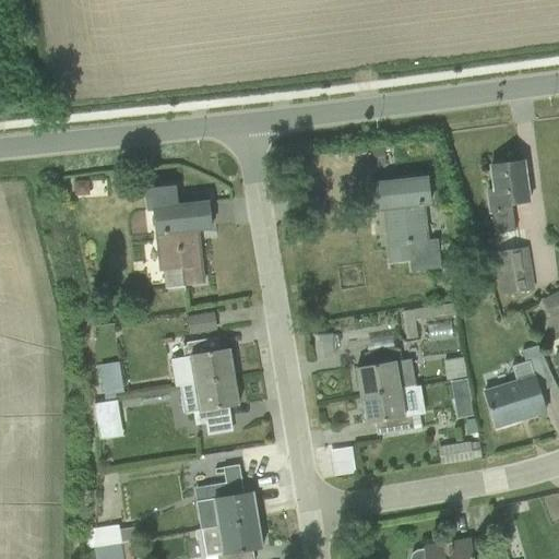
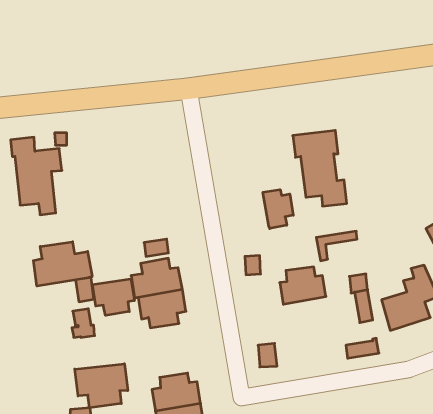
building: [481,162,535,295] -> none
building: [147,187,212,284] -> [11,137,62,215]
building: none -> [263,190,293,229]
building: none -> [33,242,92,286]
building: none -> [92,279,134,315]
building: [362,385,426,435] -> none
building: none -> [75,364,128,408]

